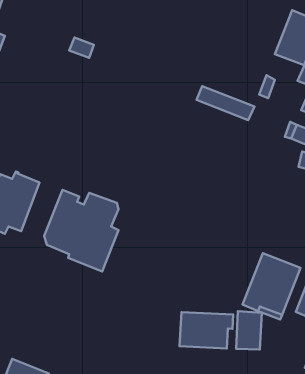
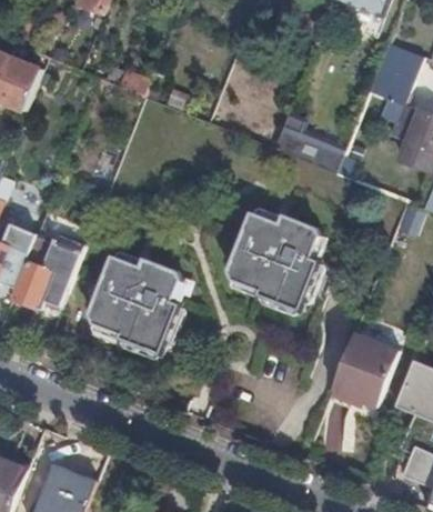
building: none -> [229,212,319,311]
building: [180,312,233,349] -> none

